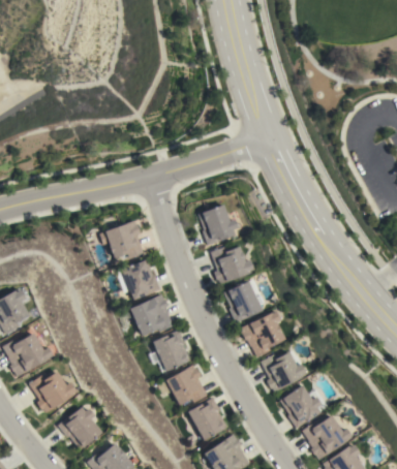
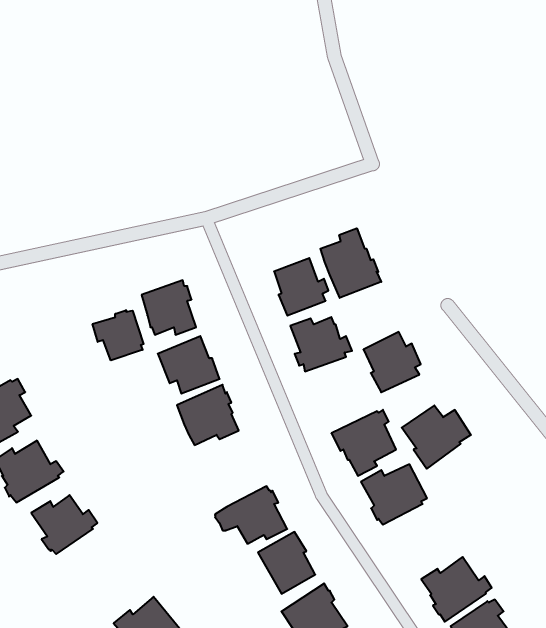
building: none -> [320,228,381,298]
building: none -> [93,310,144,360]
building: [223,280,264,322] -> [363,332,421,392]
building: [152,329,190,371] -> none
building: [279,384,328,429] -> [402,405,471,469]
building: [57,407,100,449] -> none

